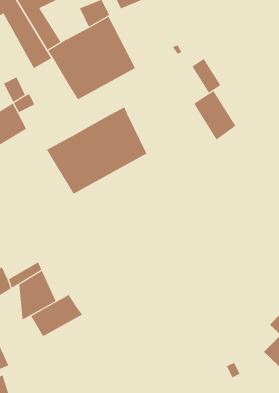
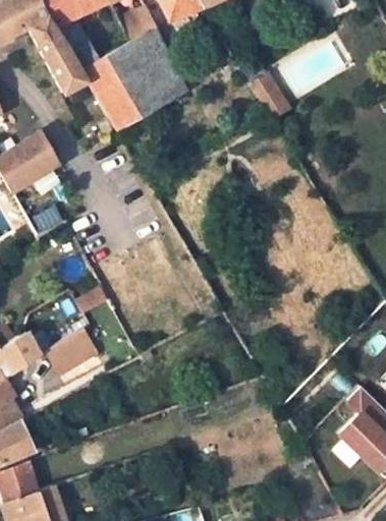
building: [194,90,236,141] -> none
building: [46,107,147,195] -> none
building: [31,294,83,337] -> none

